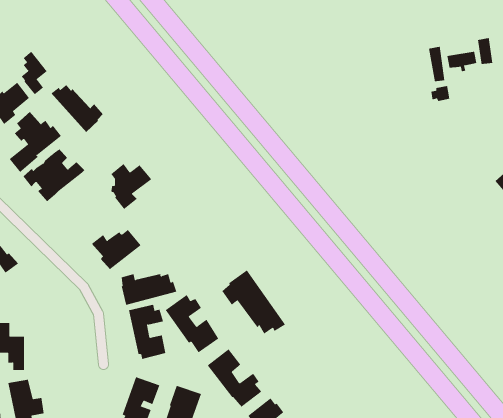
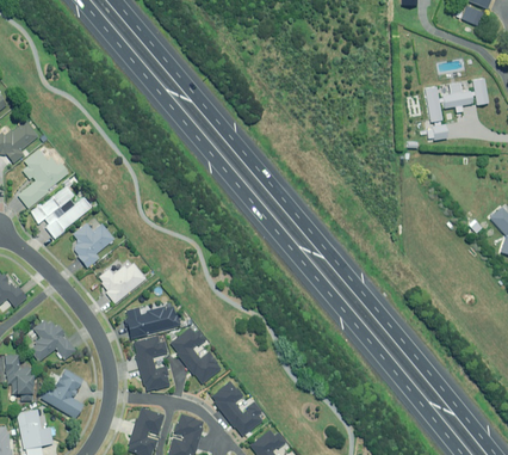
building: [21,51,48,95] -> none
building: [51,84,103,133] -> none
building: [110,163,152,210] -> [74,222,114,268]
building: [222,269,286,334] -> none
building: none -> [30,319,76,361]
building: none -> [41,368,83,417]

